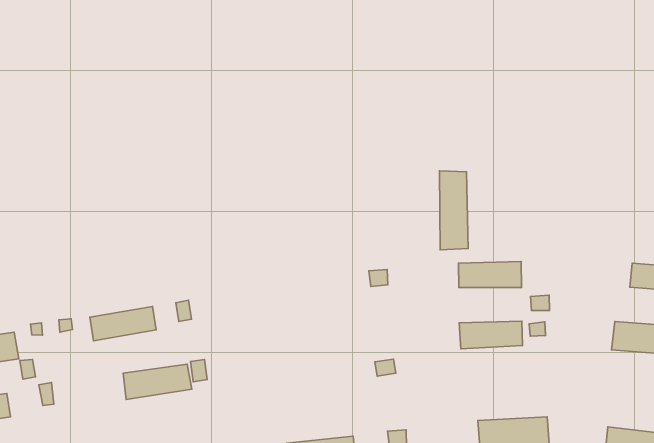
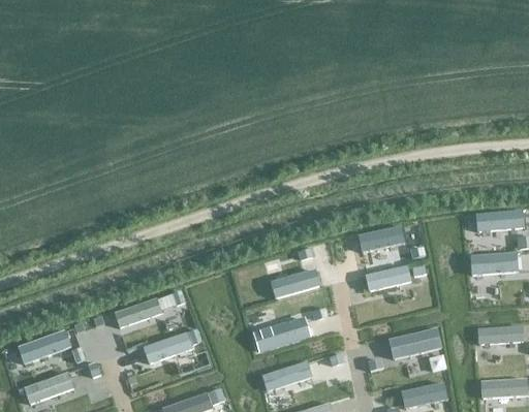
building: [440,171,468,250] -> none
building: none -> [271,268,319,297]
building: none -> [253,316,311,351]

